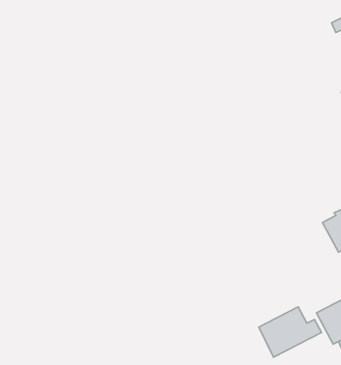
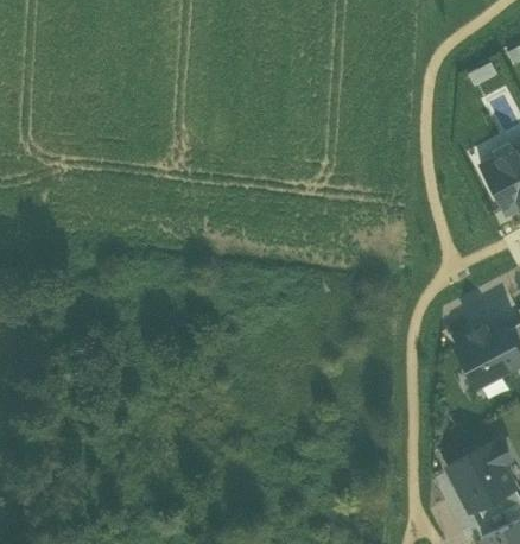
building: [259,307,321,357] -> none

